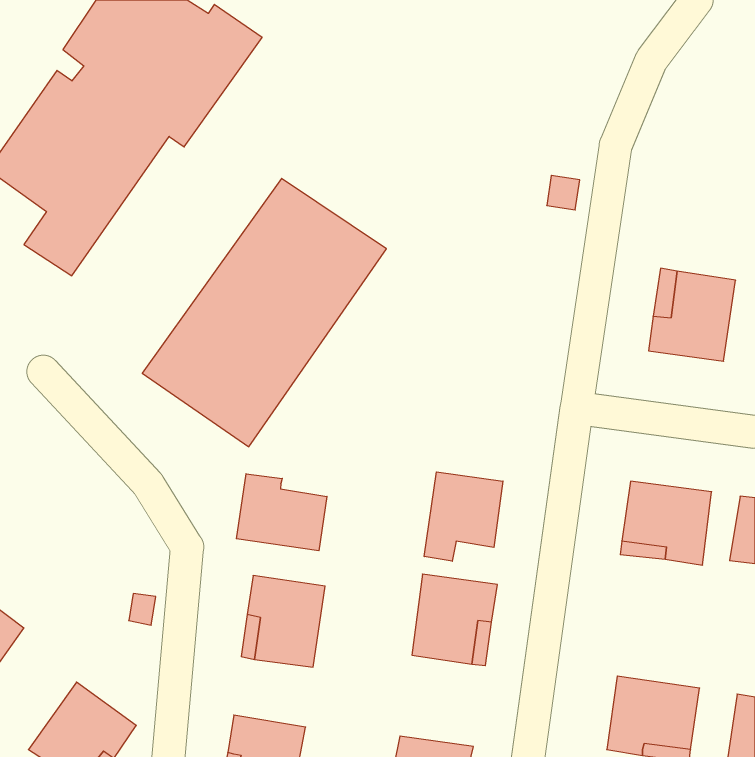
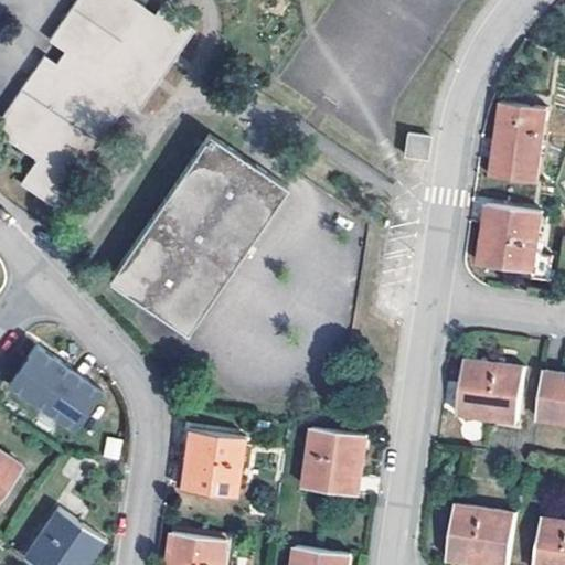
building: none -> [492,102,545,182]
building: none -> [8,349,96,429]
building: [424,472,503,561] -> none
building: [236,474,327,551] -> none

